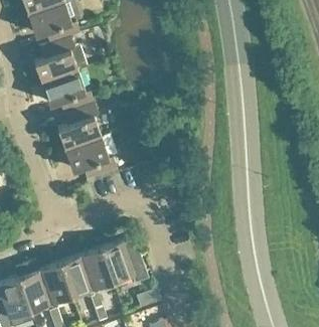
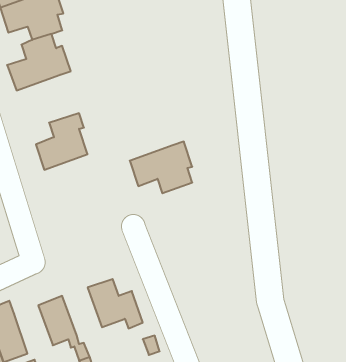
building: [40,69,93,110] -> none
building: [63,133,116,176] -> [130,142,192,193]
building: [78,248,112,288] -> none
building: [38,263,70,303] -> none

